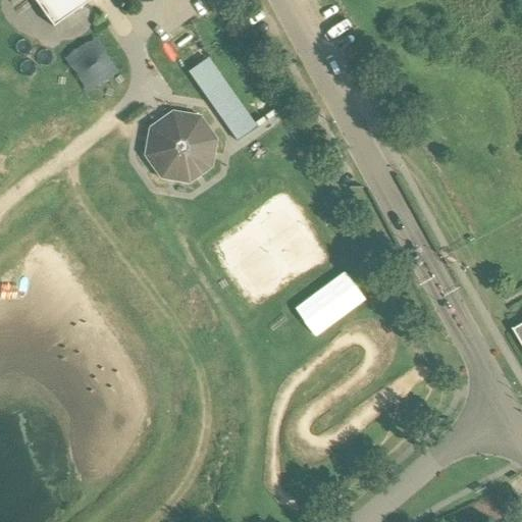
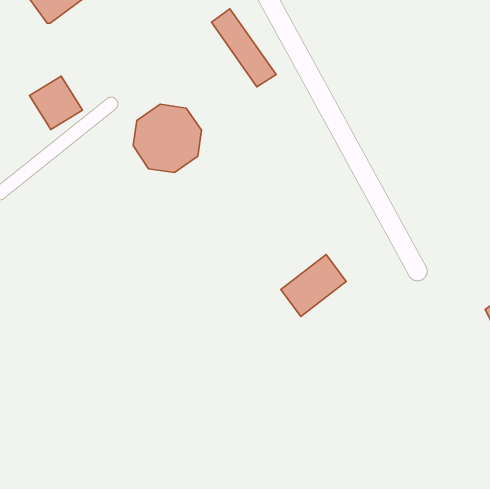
building: [65,36,121,92] -> [29,76,83,129]
building: [189,56,257,139] -> [211,9,276,87]

